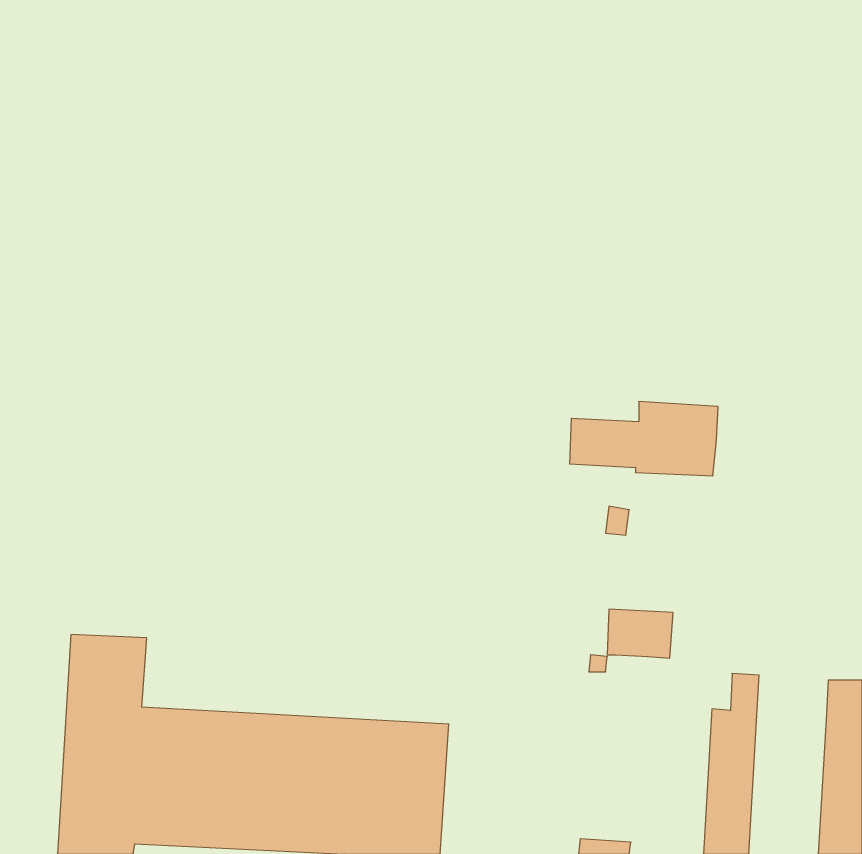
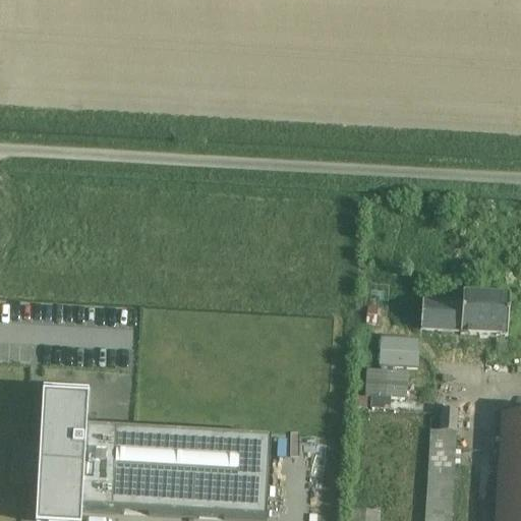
building: [570,402,718,476] -> [420,289,510,334]
building: none -> [380,335,418,368]

